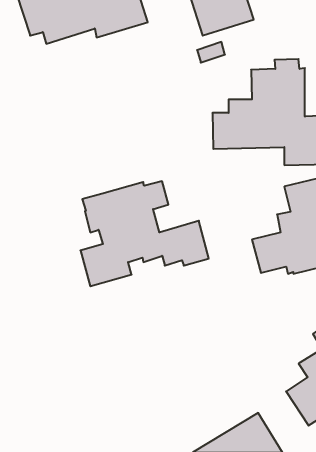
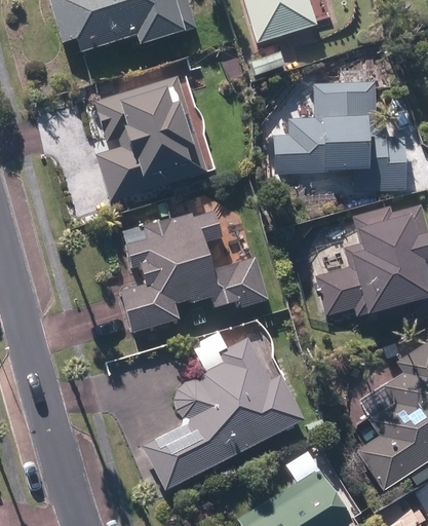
building: none -> [95,69,217,200]
building: none -> [144,335,303,487]

